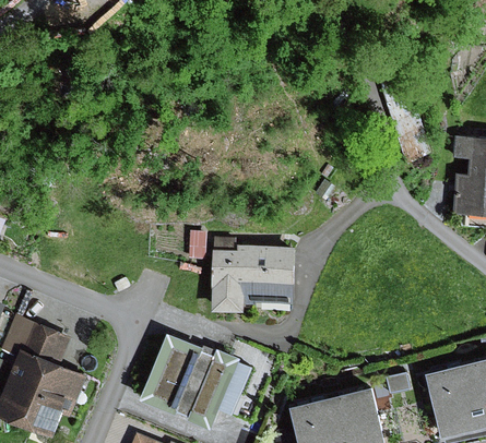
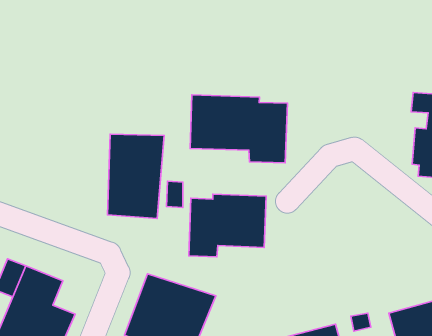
building: none -> [190,95,287,163]
building: none -> [107,134,164,218]

